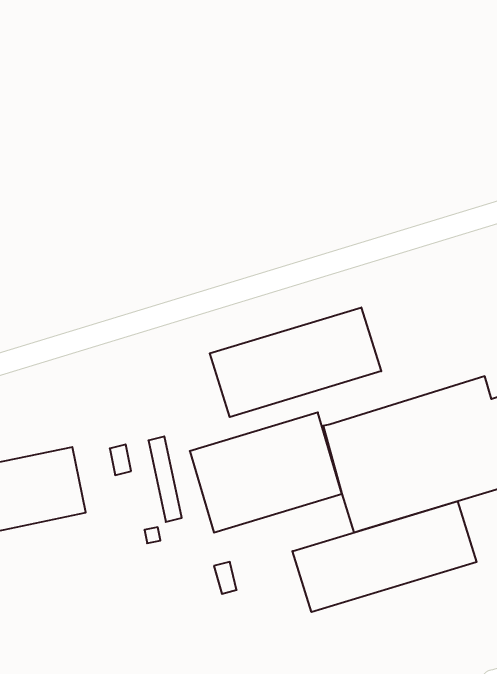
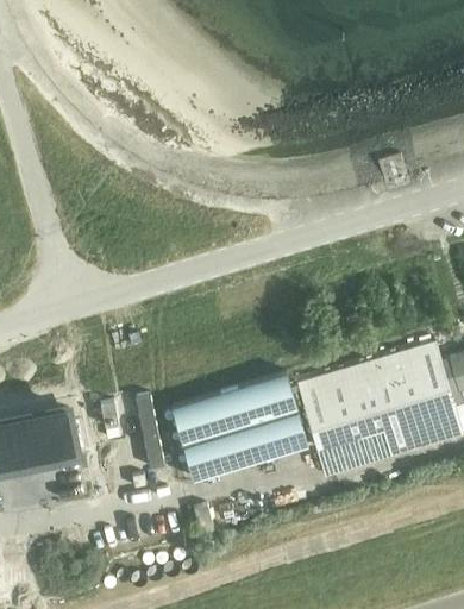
building: [210,307,381,417] -> none
building: [292,501,477,612] -> none

